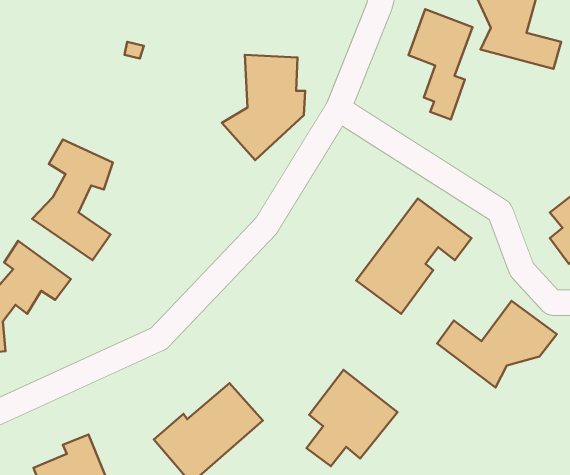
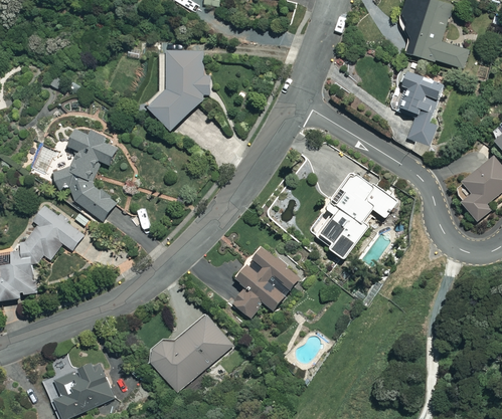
building: [408,9,472,119] -> [393,68,444,155]
building: [222,55,305,160] -> [144,47,209,130]
building: [437,301,557,388] -> none
building: [306,370,397,466] -> [231,241,303,317]

